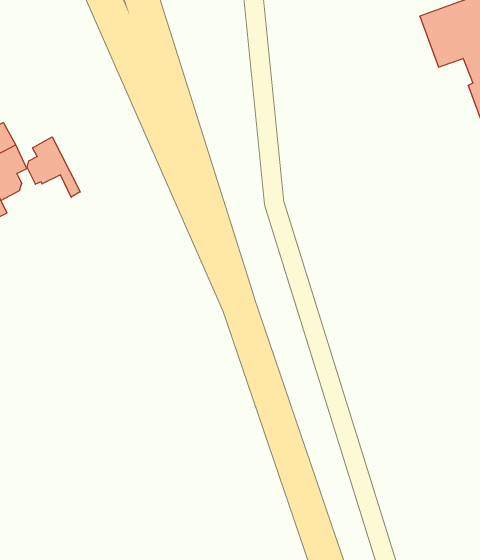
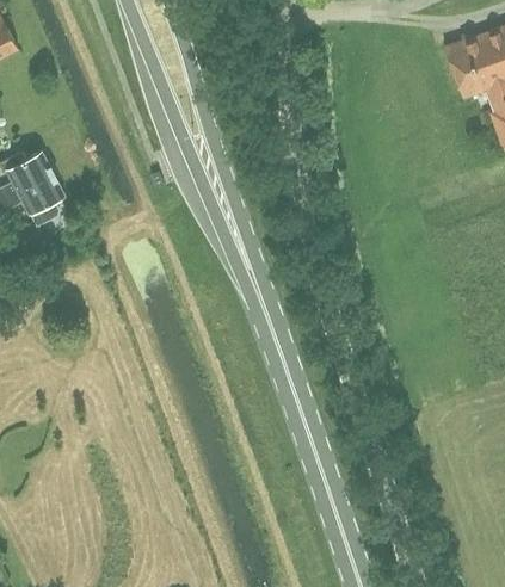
building: [27,137,80,197] -> none

